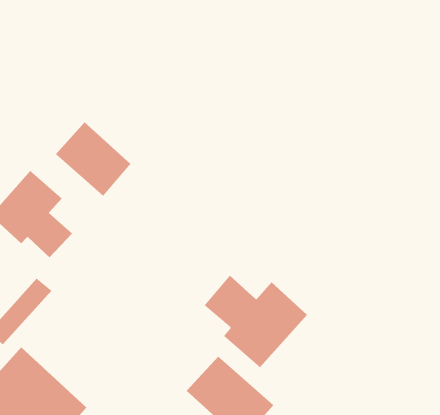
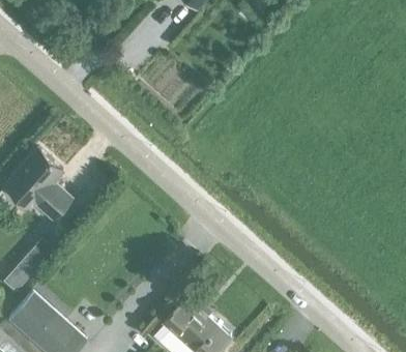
building: [55,122,131,196] -> none
building: [204,275,308,368] -> none

